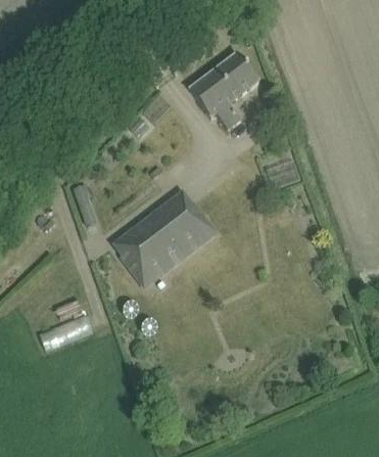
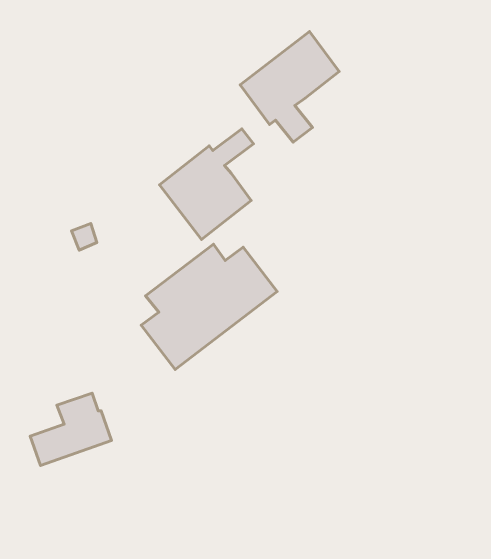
building: none -> [159,129,254,240]

